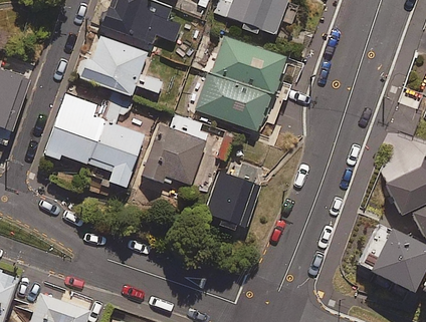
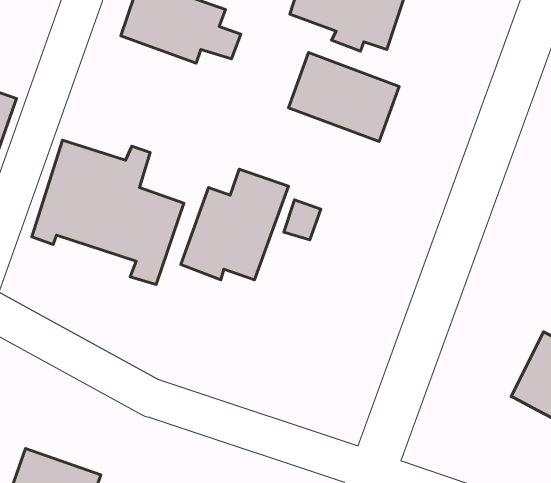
building: [78,33,163,98] -> none
building: [198,72,271,131] -> none
building: [205,162,261,228] -> none

